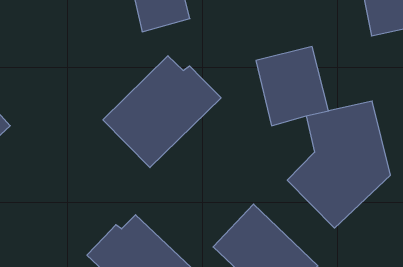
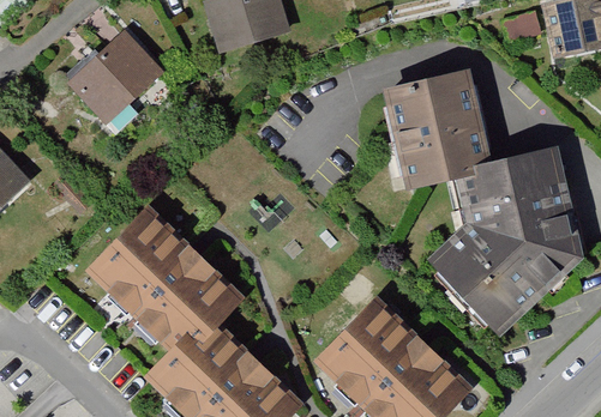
building: none -> [67,32,162,125]
building: [103,56,221,168] -> none
building: none -> [83,206,232,346]

